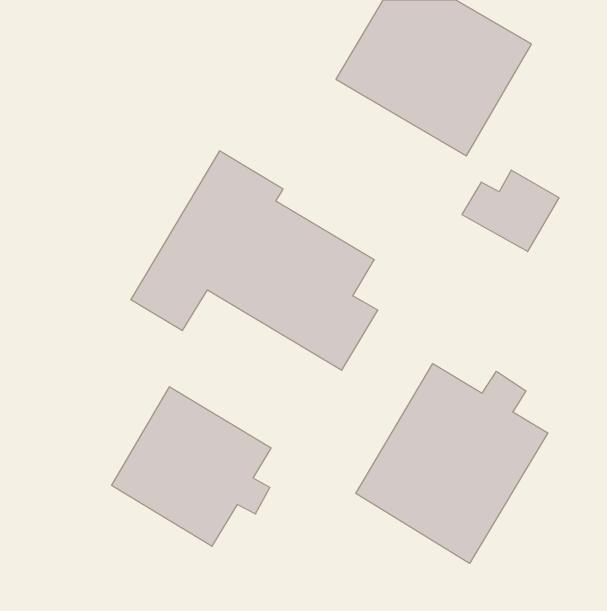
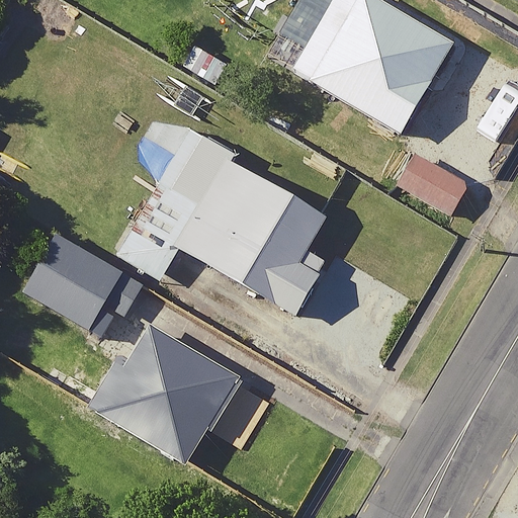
building: none -> [24,231,149,343]
building: [356,364,548,563] -> none

